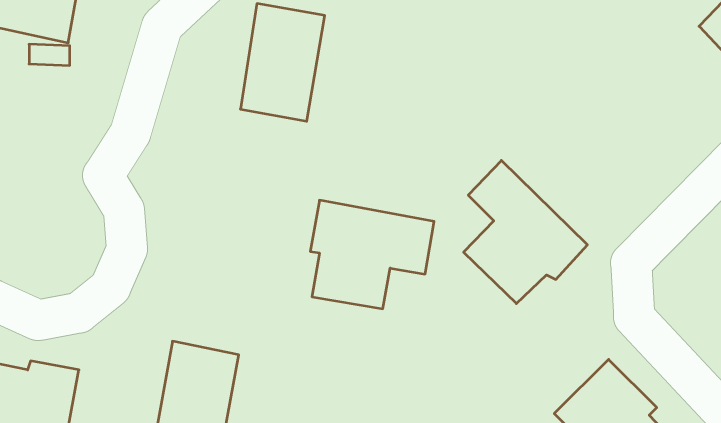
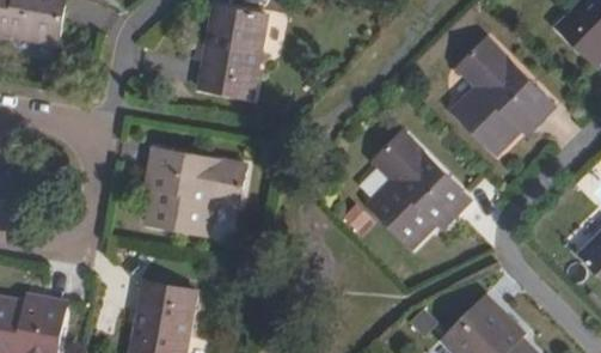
building: none -> [458,39,556,153]
building: [310,200,434,309] -> [148,148,246,235]

